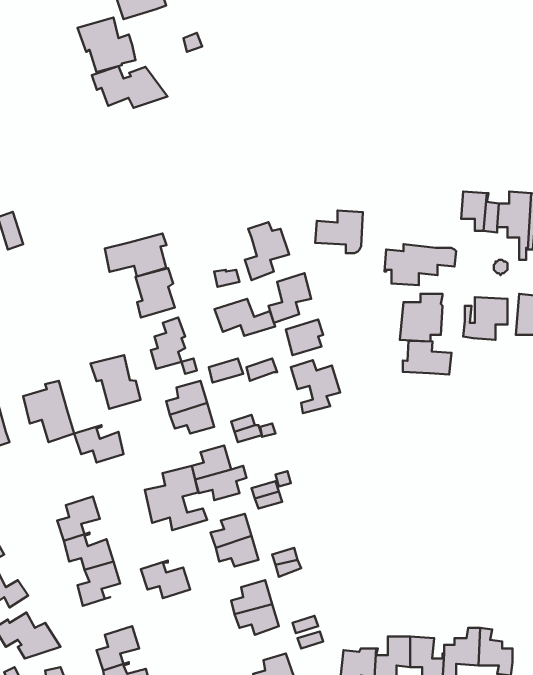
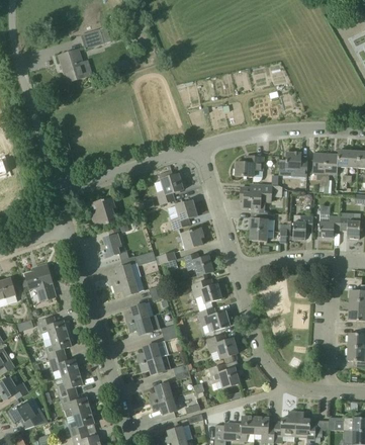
building: [92,66,167,108] -> none
building: [315,210,363,253] -> [235,156,263,181]
building: [105,233,166,276] -> none
building: [214,299,275,336] -> none
building: [403,341,451,375] -> none
building: [91,355,140,409] -> none
building: none -> [191,278,221,303]
building: [74,425,124,463] -> [37,316,67,338]
building: none -> [198,306,230,331]
building: [145,466,207,530] -> none
building: none -> [206,333,238,358]
building: none -> [209,363,240,387]
building: [141,561,190,598] -> [61,392,90,415]

